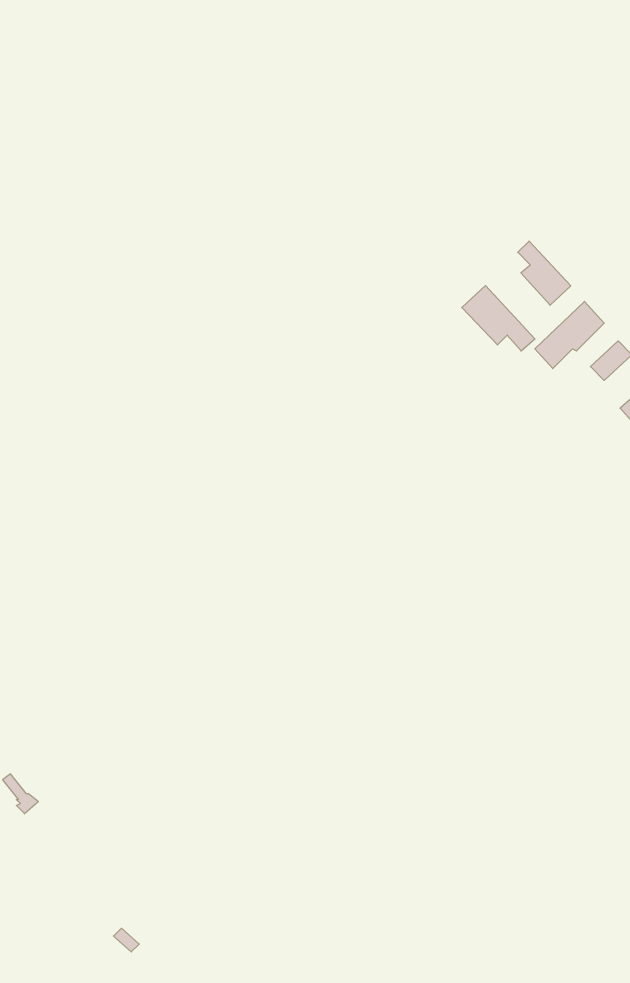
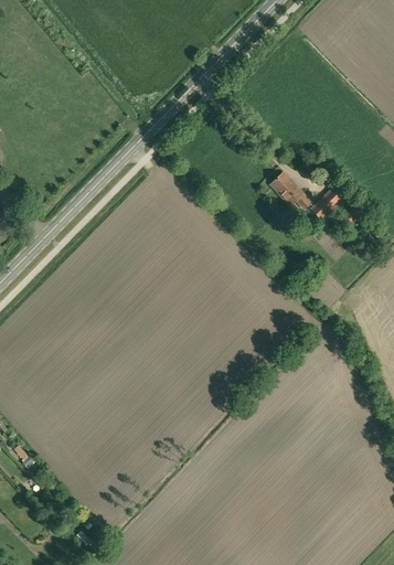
building: [518,241,571,305] -> none

